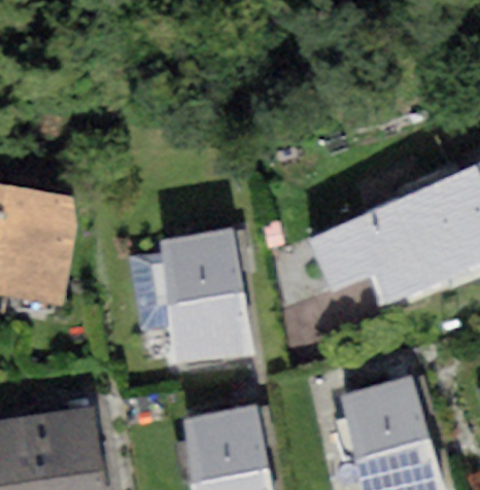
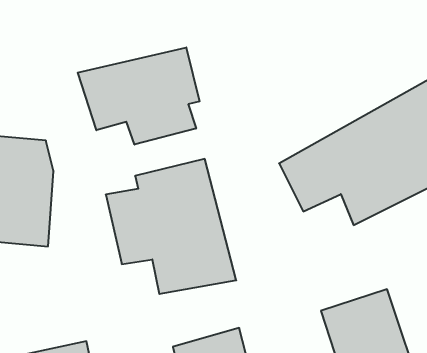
building: none -> [78,47,200,145]

